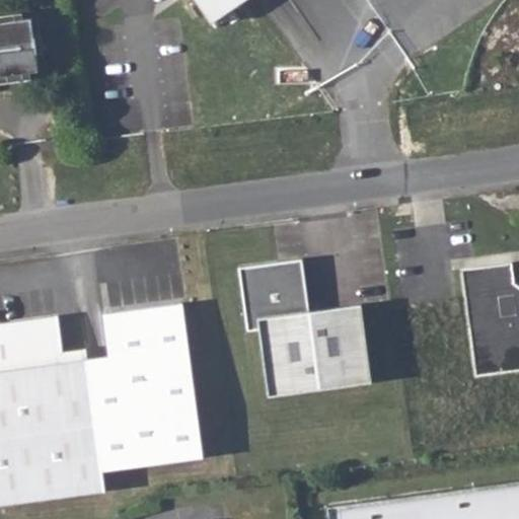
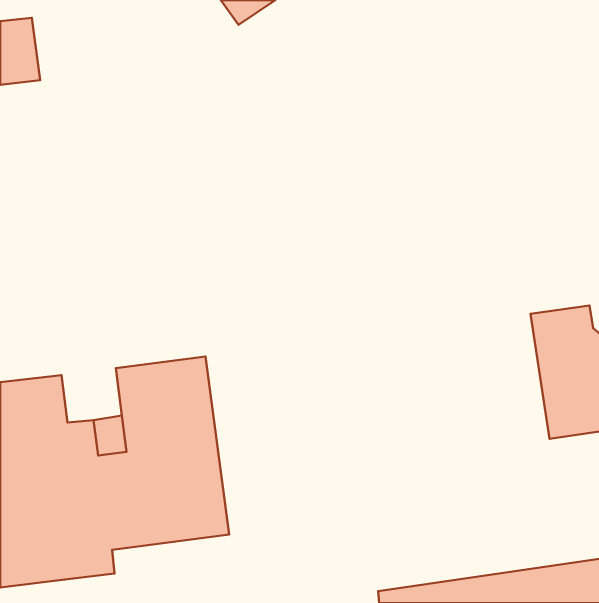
building: [237,260,372,397] -> none

